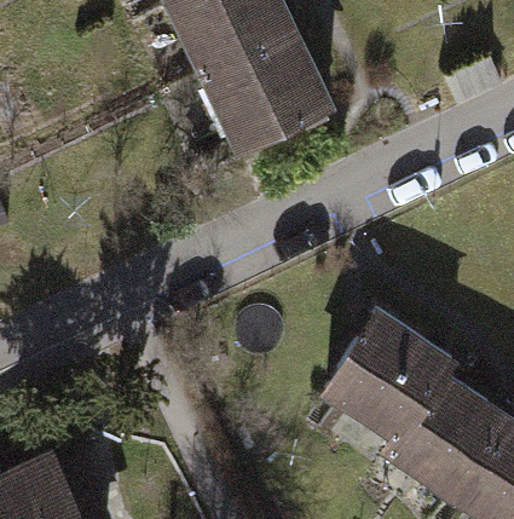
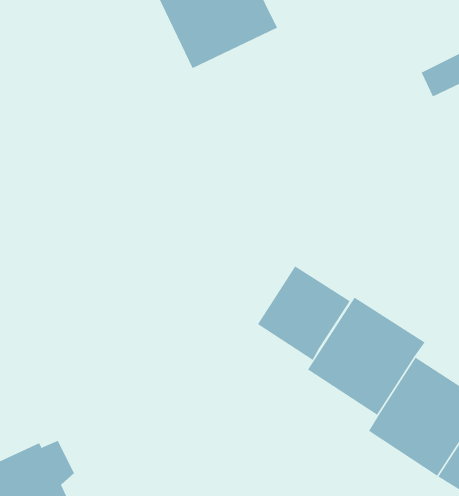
building: [204,31,327,145] -> none
building: none -> [257,265,350,361]

